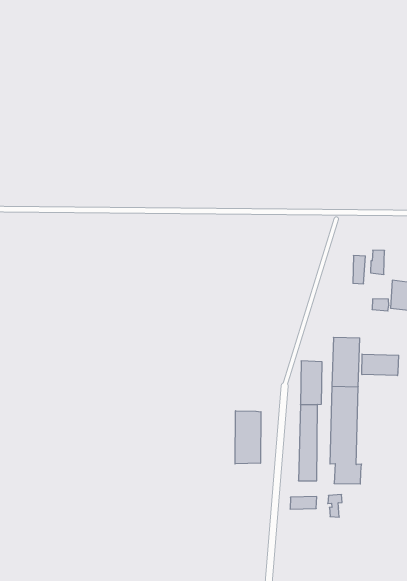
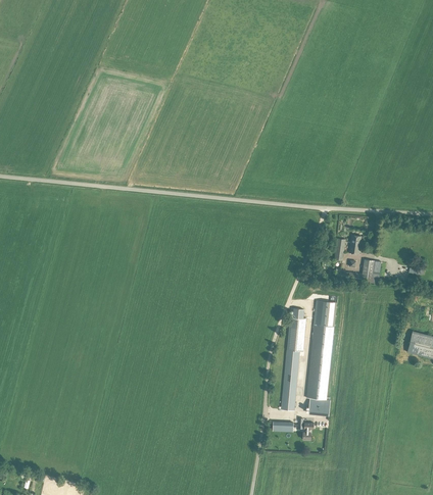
building: [362,354,399,376] -> none
building: [235,411,261,464] -> none

